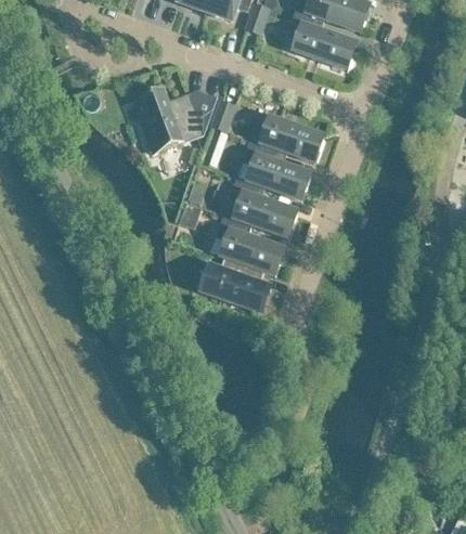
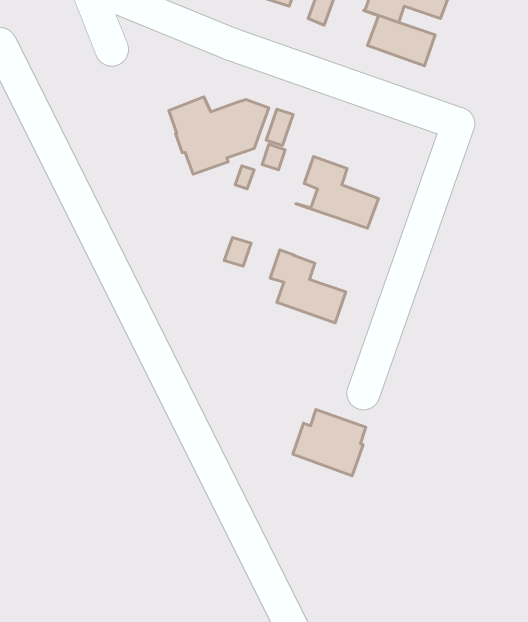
building: [255,118,320,159] -> none
building: [233,177,294,234] -> none
building: [210,257,269,310] -> [293,410,366,476]

